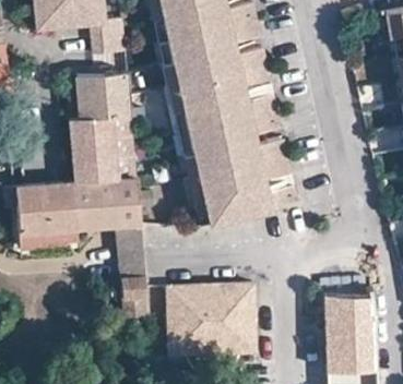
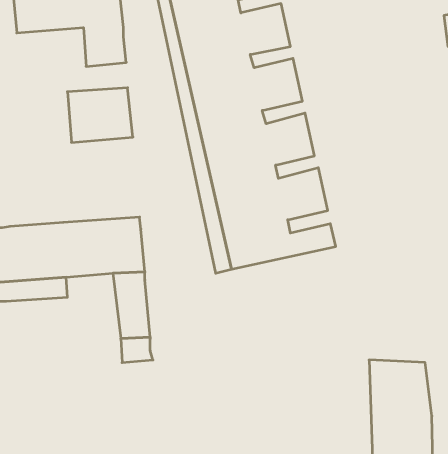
building: [69,112,137,182] -> none
building: [167,283,257,353] -> none

